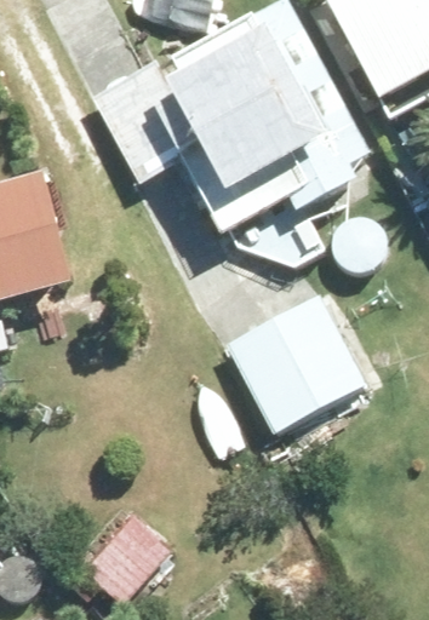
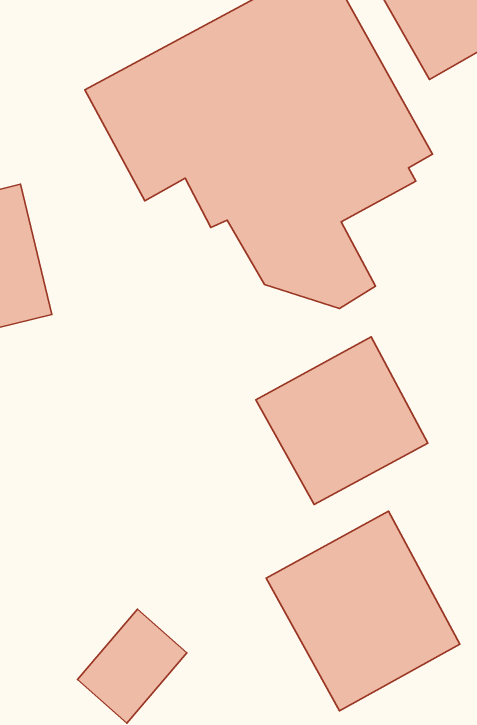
building: none -> [266,511,460,711]

